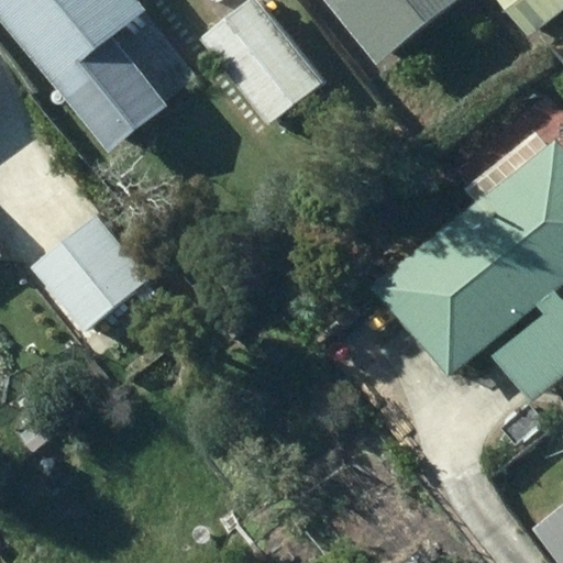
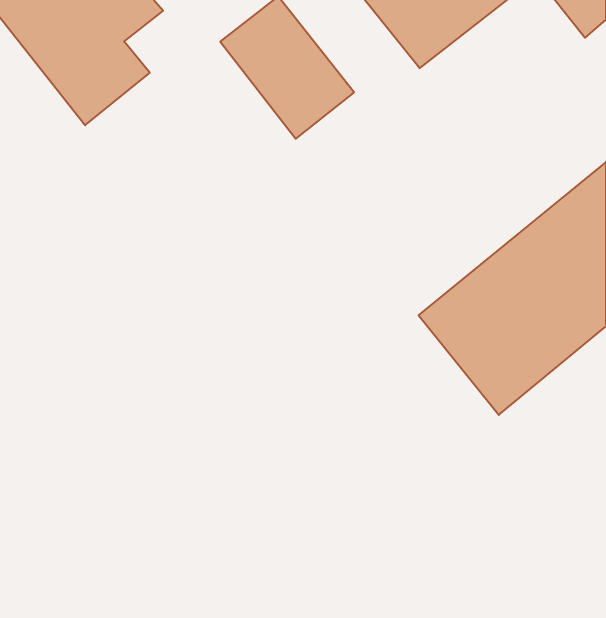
building: [32,216,146,330] -> none

